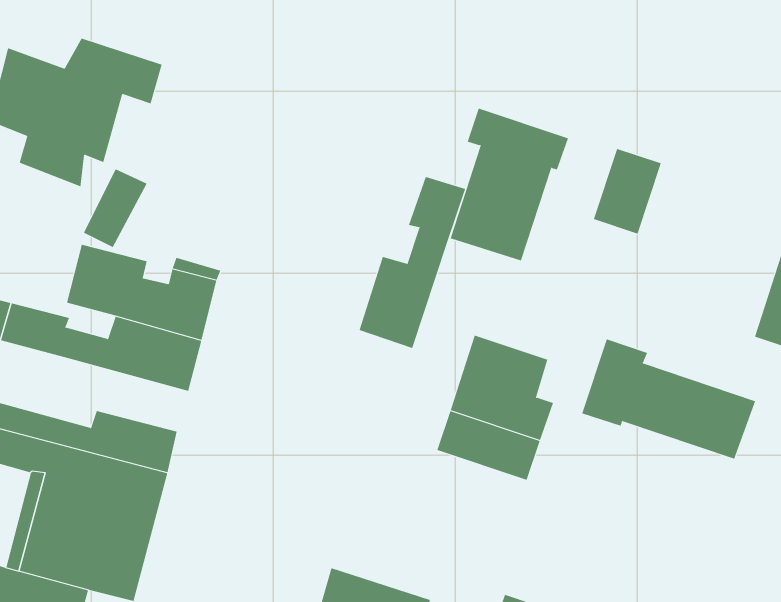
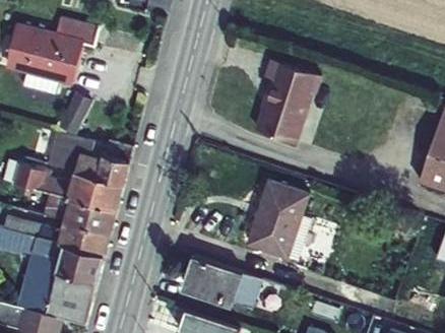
building: [593,148,662,234] -> none
building: [359,176,466,349] -> none
building: [581,339,756,460] -> none
building: none -> [43,194,115,234]
building: none -> [183,257,260,309]

